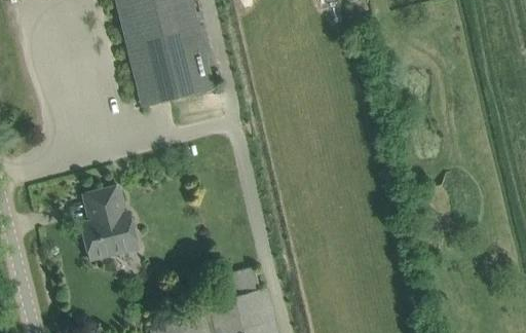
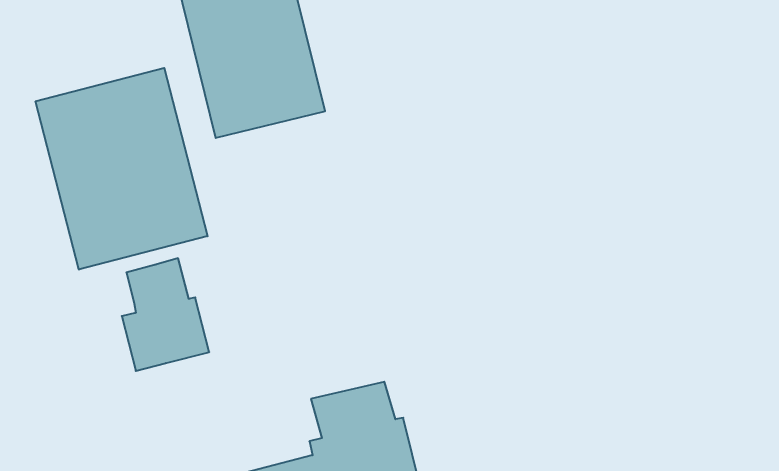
building: none -> [36,68,208,270]

